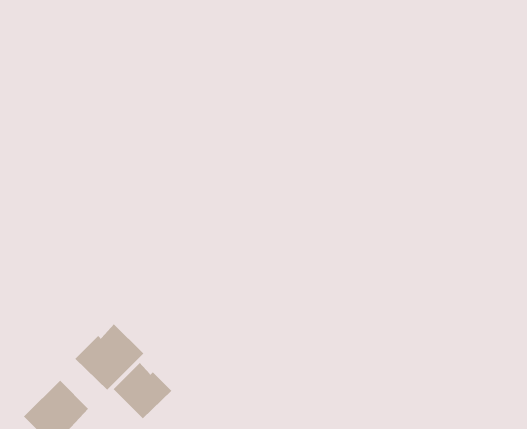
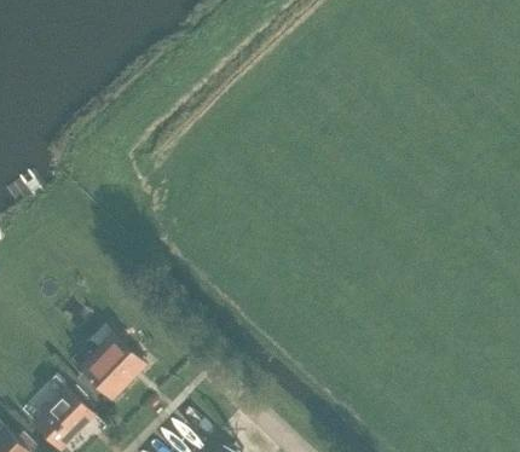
building: [113,362,172,419] -> none

